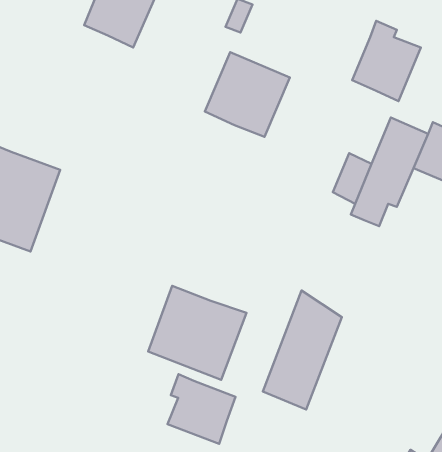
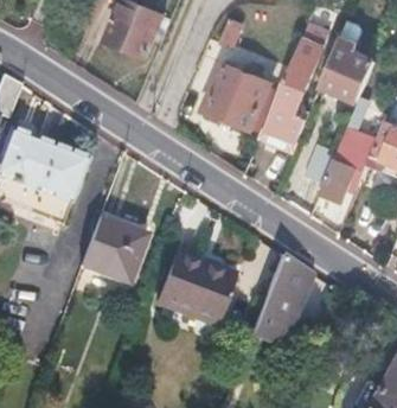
building: none -> [260,38,324,154]
building: none -> [82,216,147,282]
building: [167,374,236,444] -> none

